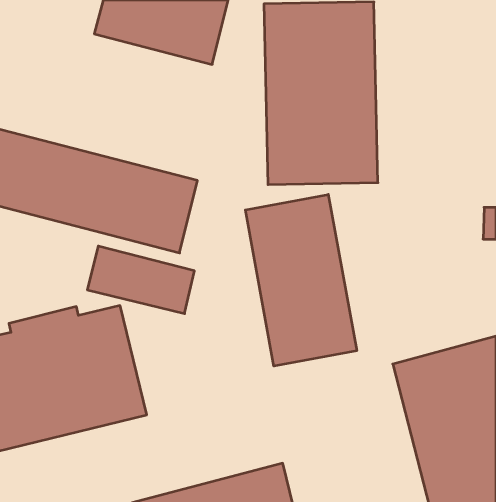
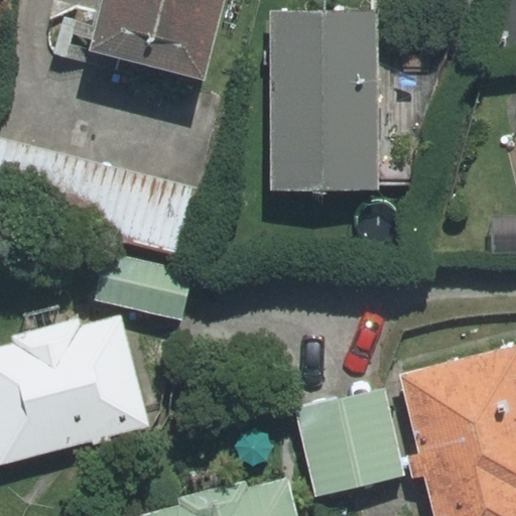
building: [245,194,357,366] -> none
building: none -> [294,388,400,500]

